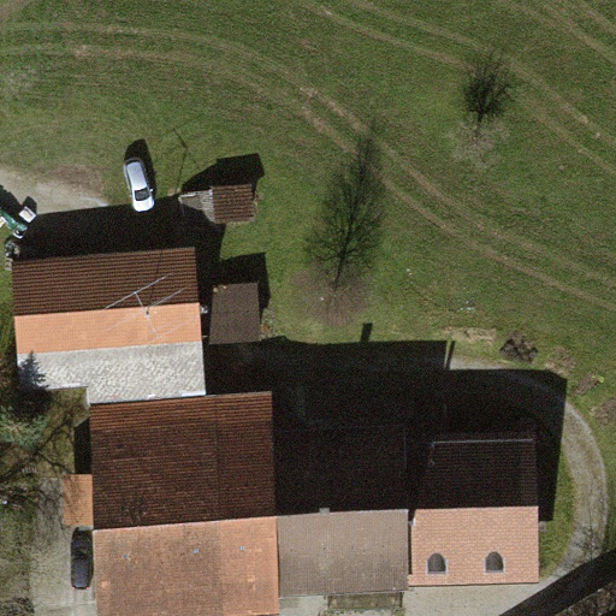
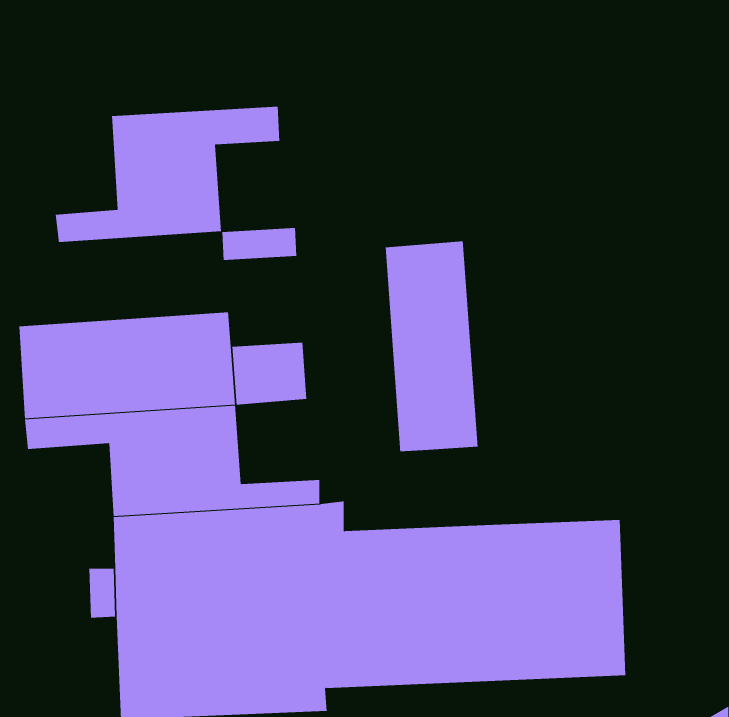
building: none -> [55,106,280,243]
building: none -> [385,240,478,452]

